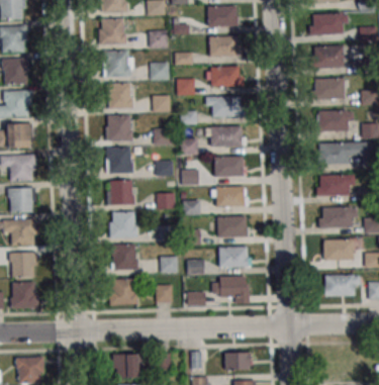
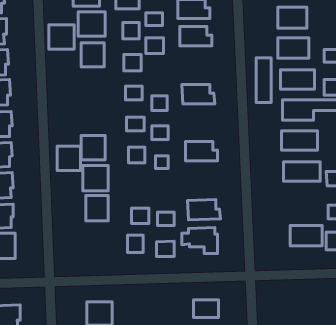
building: [211,96,246,116] -> none
building: none -> [256,58,271,102]
building: [105,115,131,140] -> [49,25,74,49]
building: [106,147,130,172] -> [57,146,80,170]
building: [213,156,247,177] -> none
building: [217,216,247,236] -> none
building: [322,239,352,260] -> none
building: [109,279,136,304] -> none

